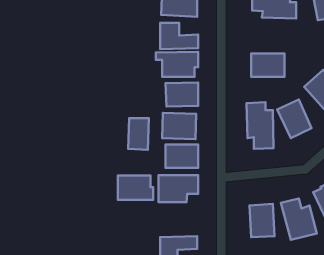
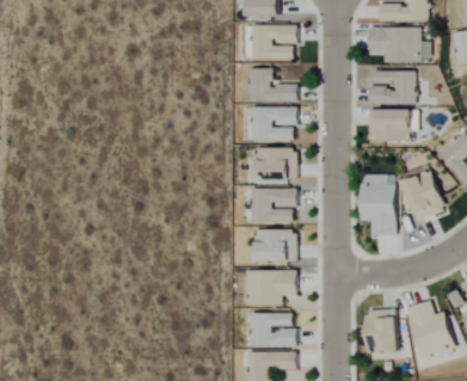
building: none -> [368,69,414,104]
building: [128,118,149,150] -> none
building: [118,175,153,200] -> [248,313,295,345]

